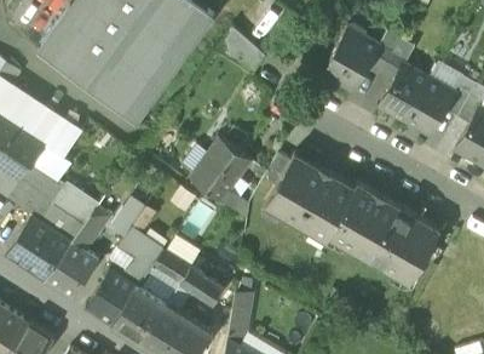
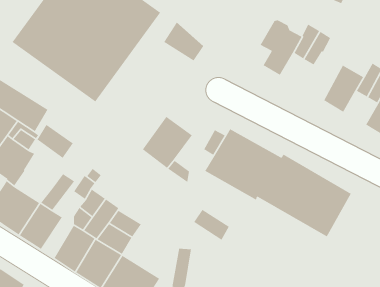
building: [380,64,428,121] -> none
building: [53,184,98,225] -> [36,124,74,159]
building: [180,268,224,306] -> [193,209,230,241]

